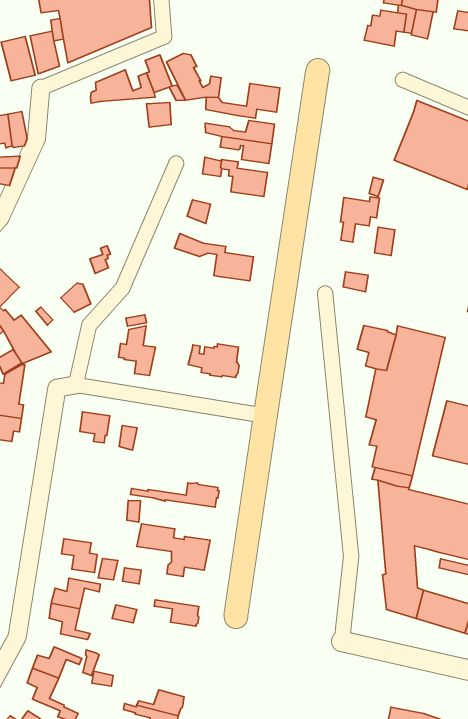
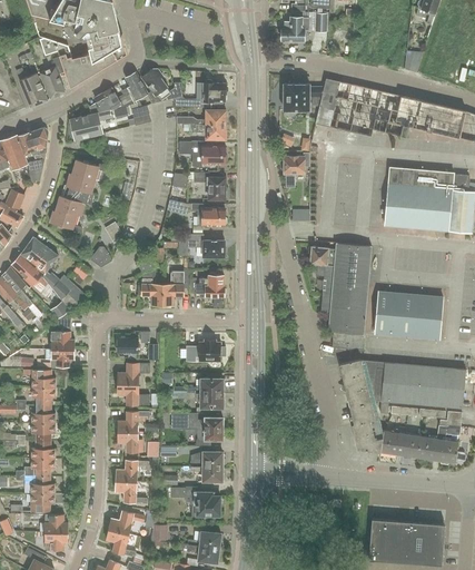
building: none -> [283,83,324,110]
building: none -> [70,109,112,140]
building: none -> [49,159,107,234]
building: none -> [192,173,225,199]
building: none -> [187,234,224,257]
building: none -> [161,268,189,305]
building: none -> [186,340,225,361]
building: none -> [117,363,149,404]
building: none -> [177,393,224,409]
building: none -> [117,411,148,432]
building: none -> [189,451,222,466]
building: none -> [170,487,222,517]

